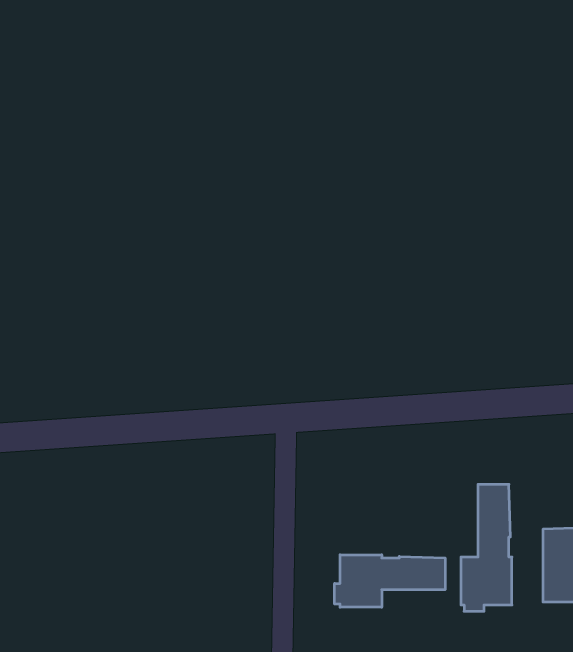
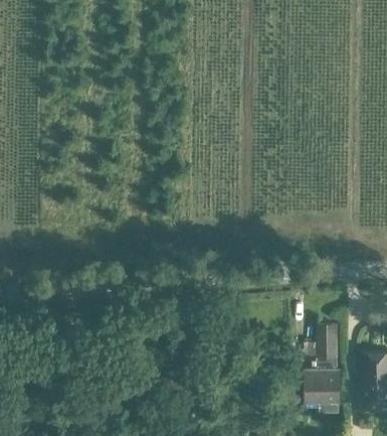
building: [335,555,445,607] -> none

